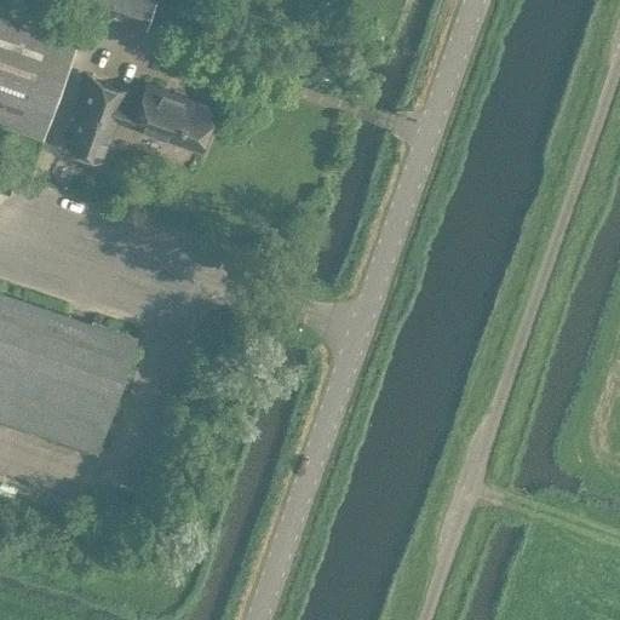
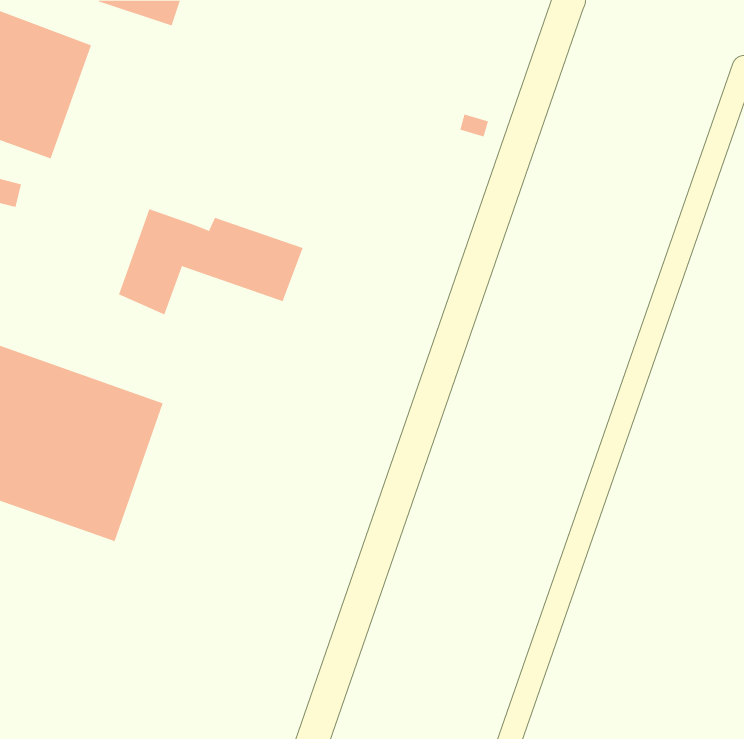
building: [64,76,218,165] -> [118,208,303,315]

